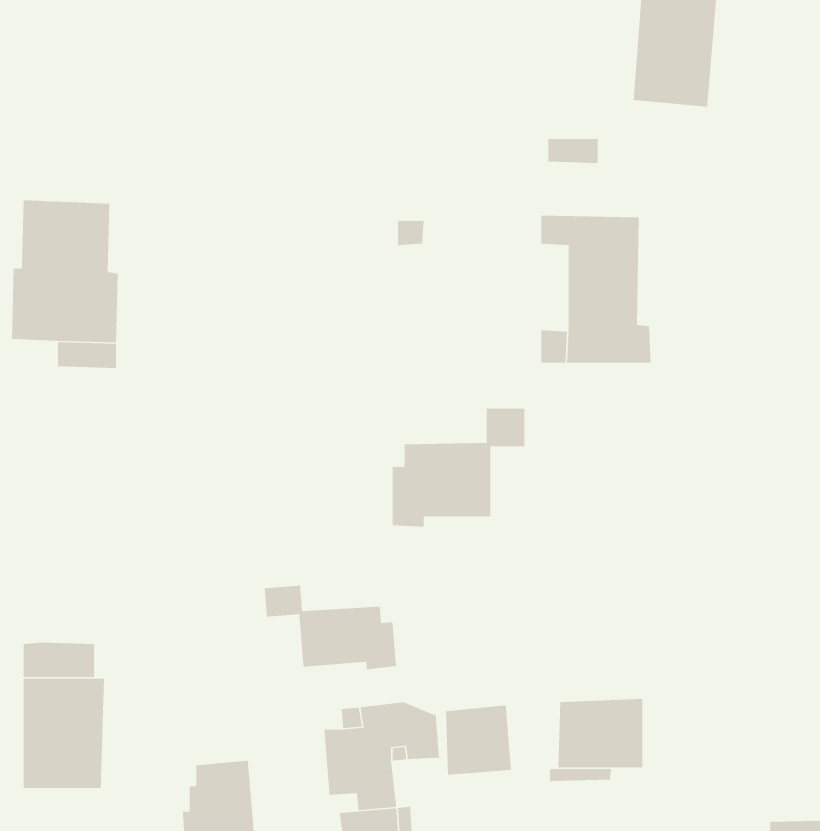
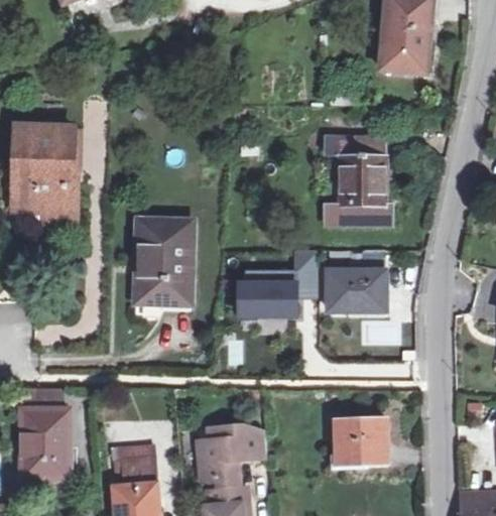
building: none -> [136,221,192,303]
building: none -> [327,271,387,310]
building: [264,585,397,670] -> none
building: [445,705,512,776] -> none

